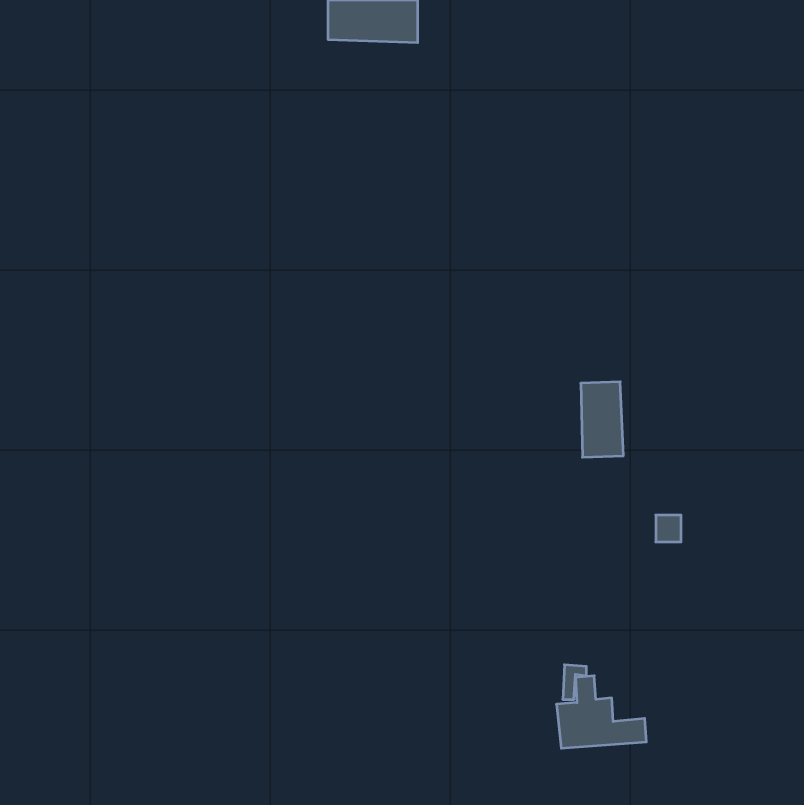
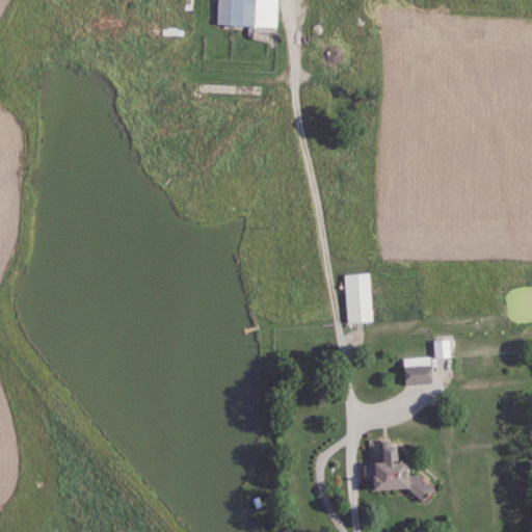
building: [581,382,623,457] -> [345,273,373,323]
building: none -> [402,357,430,383]

